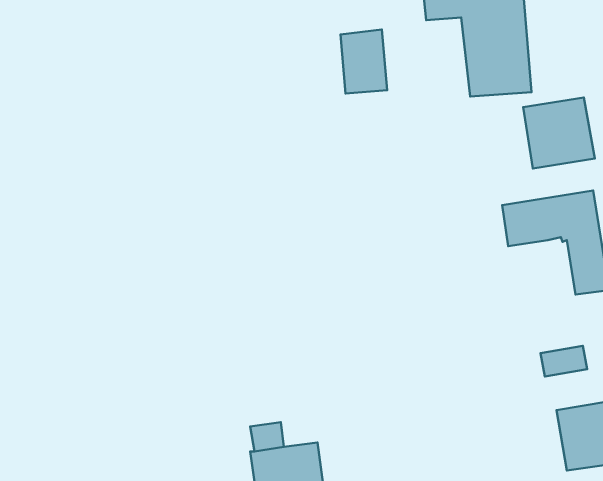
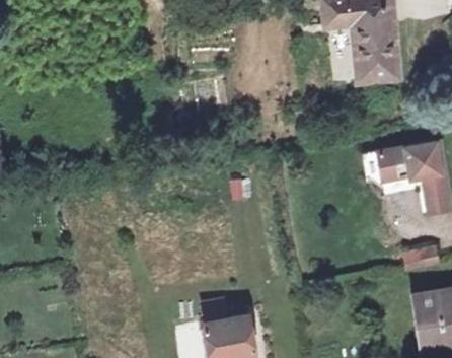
building: [341,30,387,94] -> none
building: [523,98,595,168] -> none

